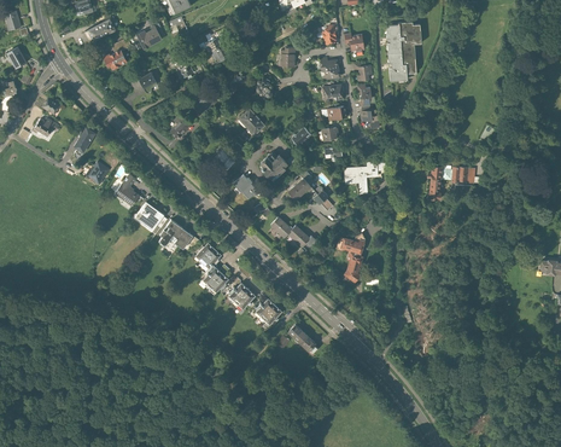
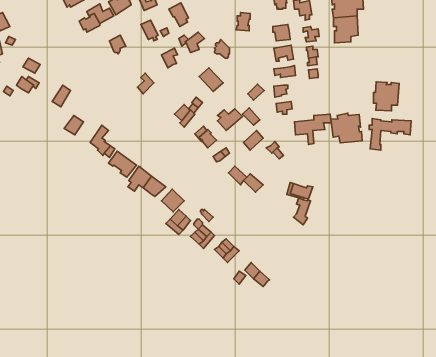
building: none -> [373,82,399,111]
building: none -> [331,113,362,143]

